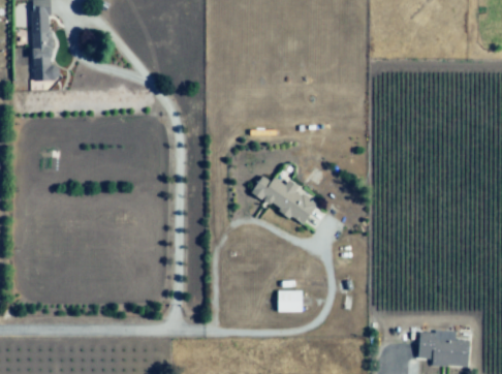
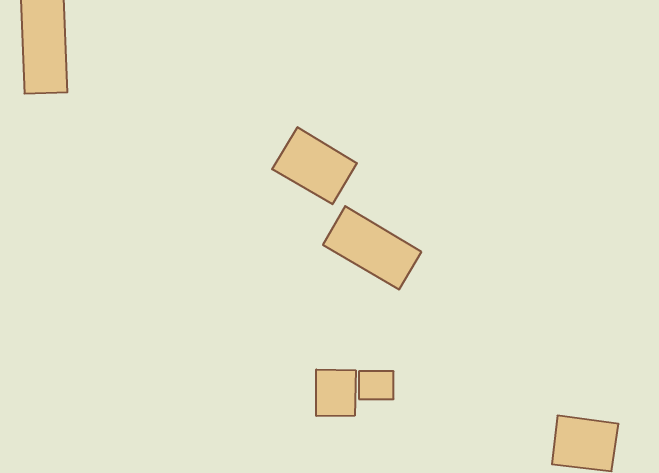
building: none -> [272,127,357,204]
building: none -> [316,369,356,416]

